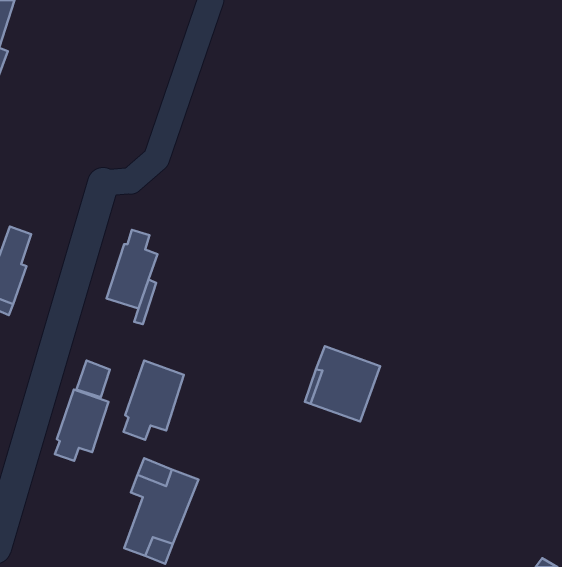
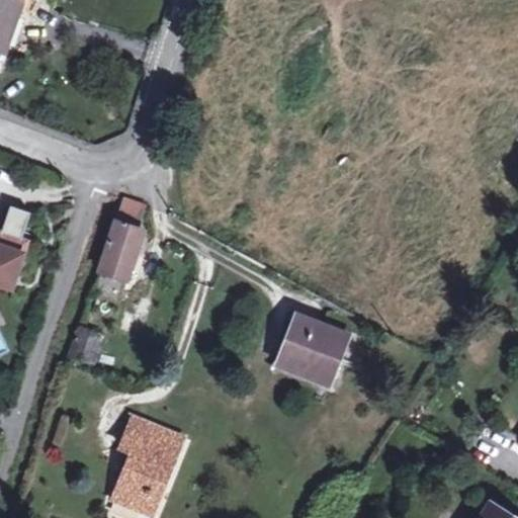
building: [123,361,184,440] -> none
building: [55,389,108,461] -> none

